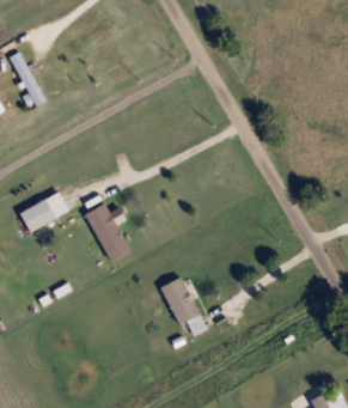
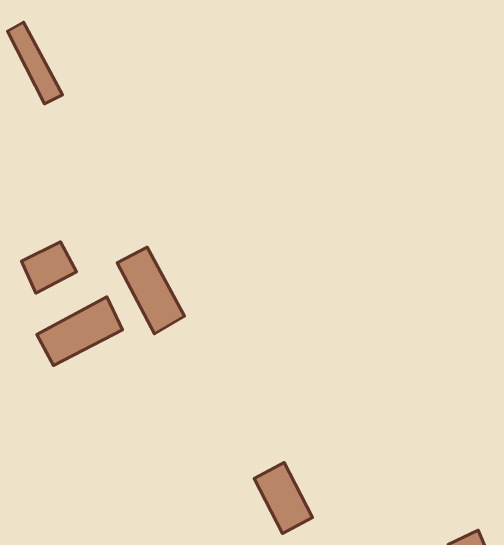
building: none -> [37,297,122,366]
building: [160,276,200,324] -> [254,463,313,533]

